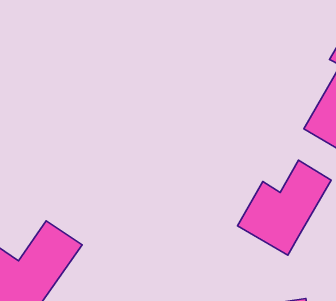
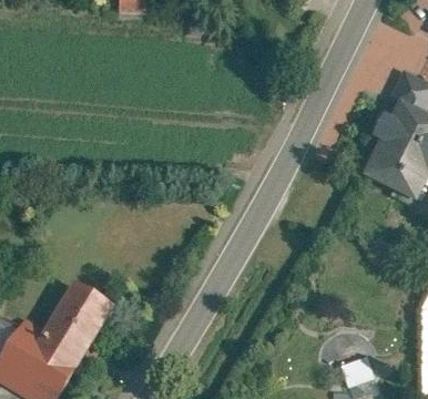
building: [237,160,331,255] -> none

